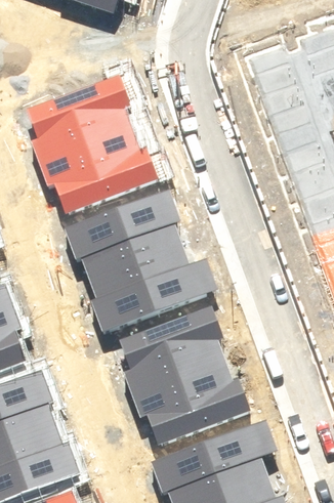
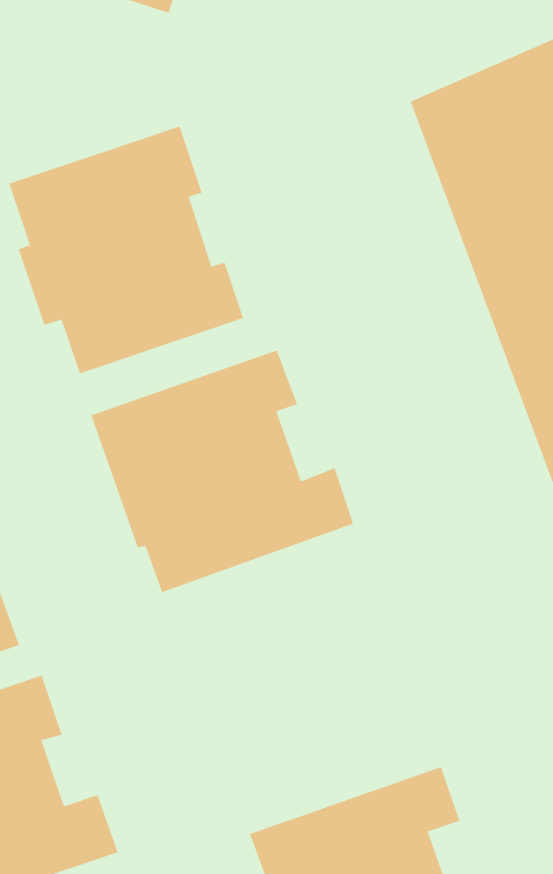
building: [120,305,250,442] -> none

